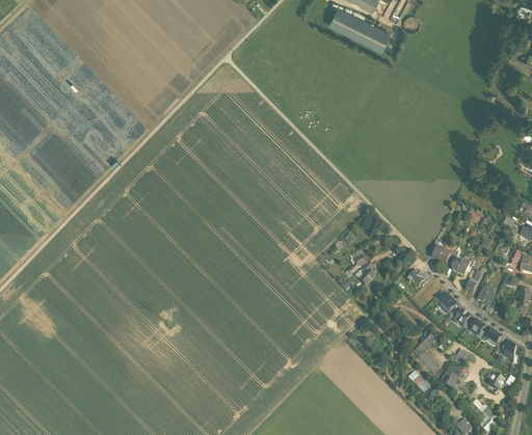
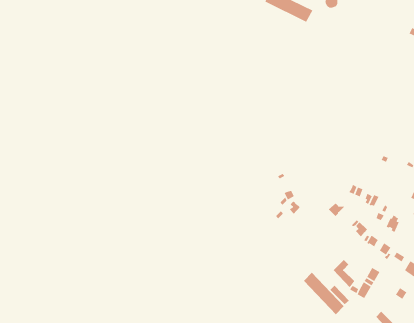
building: none -> [303,272,344,315]

